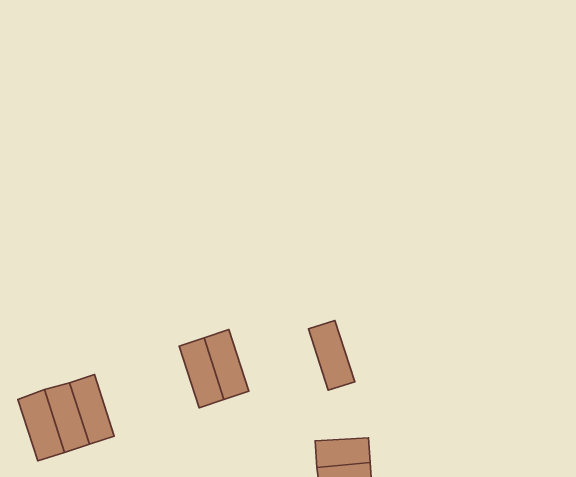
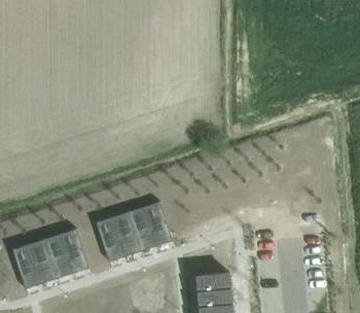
building: [308,320,355,390] -> [143,202,172,245]
building: none -> [96,217,124,260]
building: none -> [60,230,88,273]

